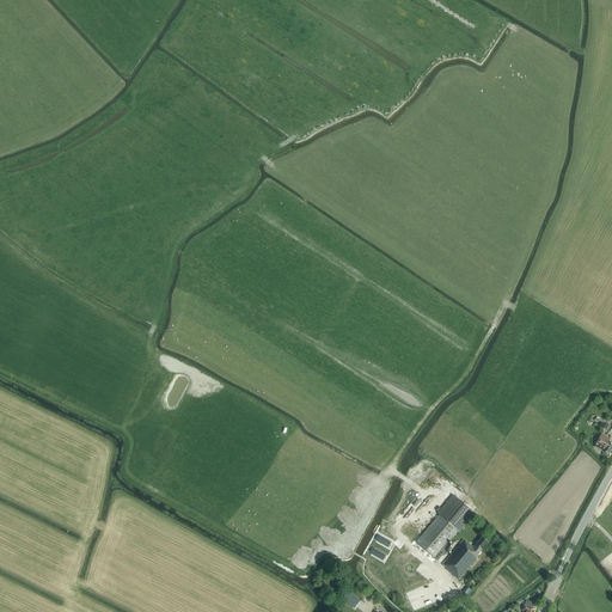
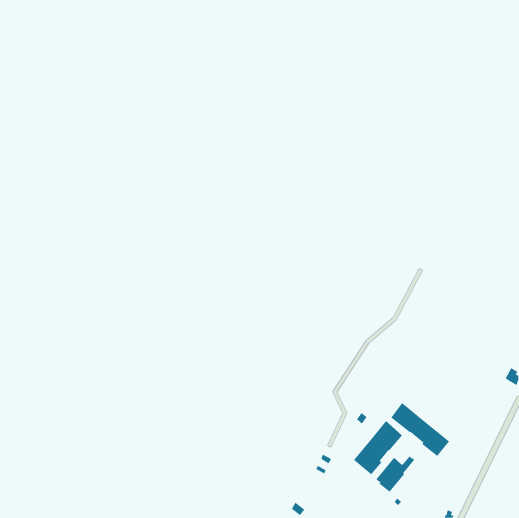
building: none -> [391,402,450,457]

